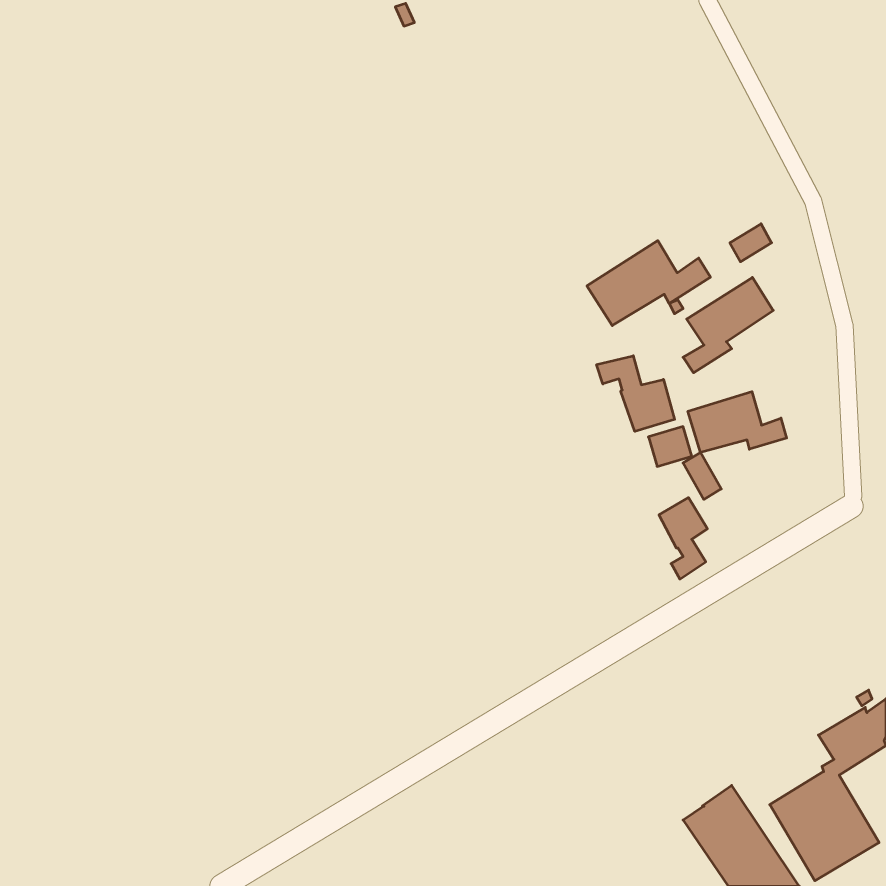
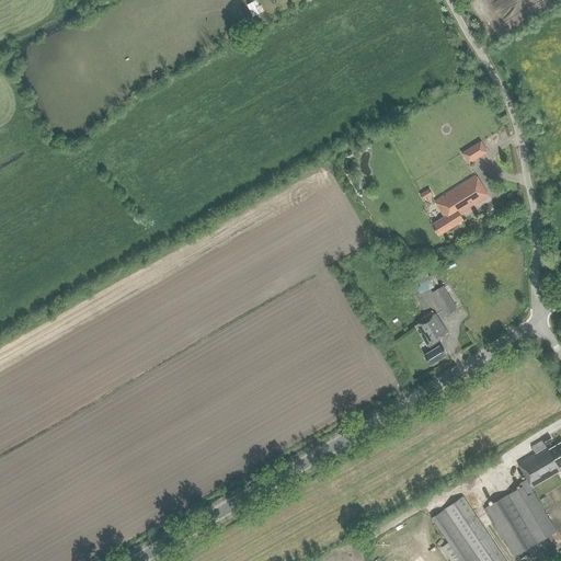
building: [587,241,710,326] -> none
building: [597,356,675,431] -> none
building: [688,392,787,453] -> none

